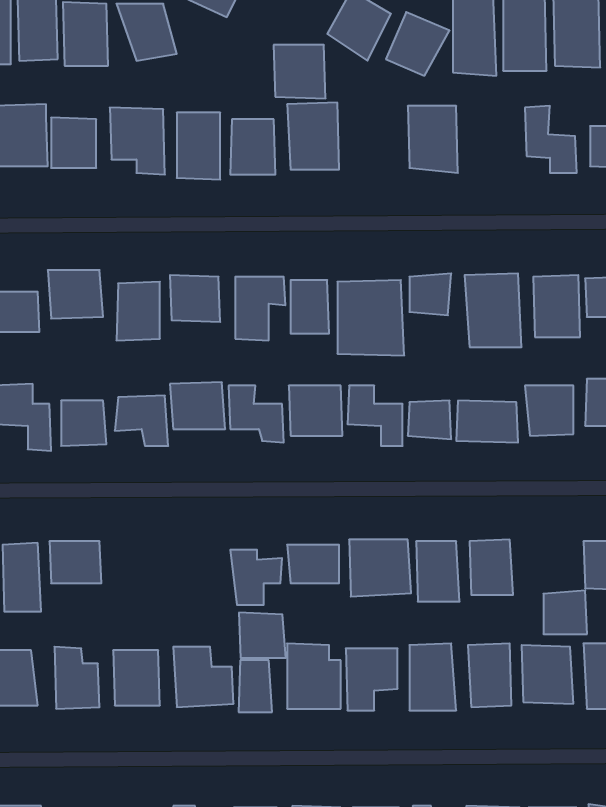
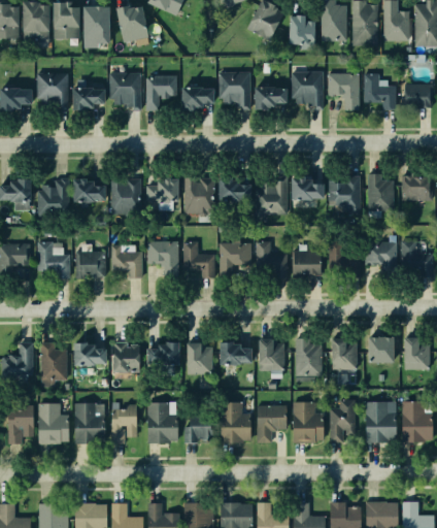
building: [274,45,326,98] -> [254,76,285,109]
building: none -> [328,71,360,113]
building: none -> [113,341,142,373]
building: [543,590,587,634] -> [366,336,393,363]
building: [239,613,286,658] -> [149,340,178,368]

